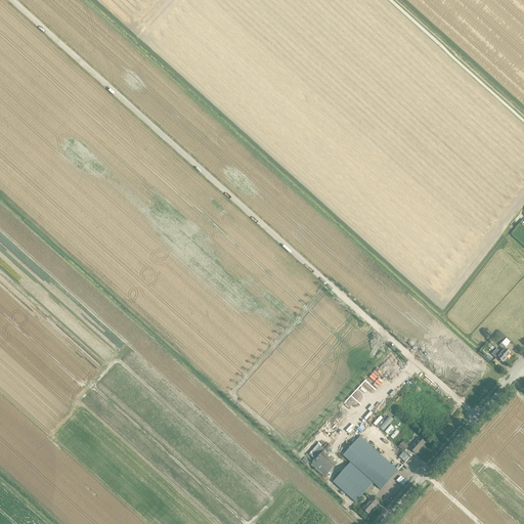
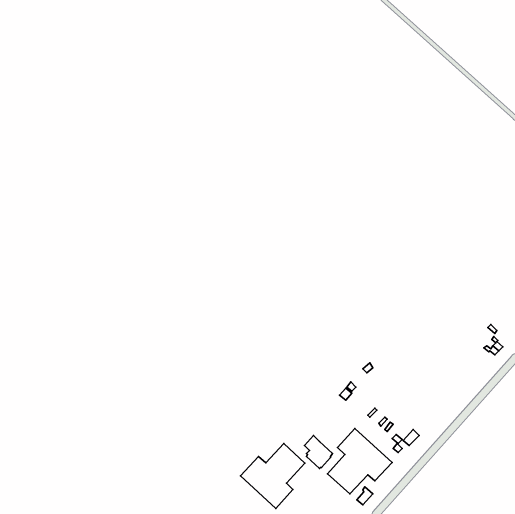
building: none -> [240,444,305,508]

